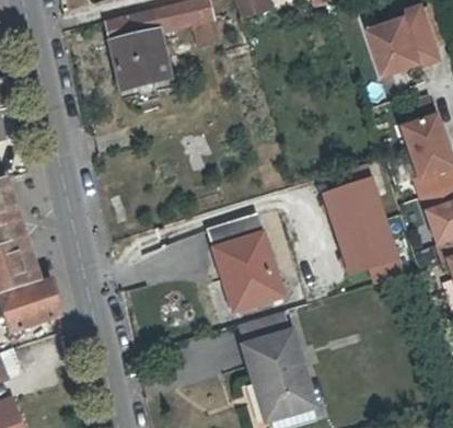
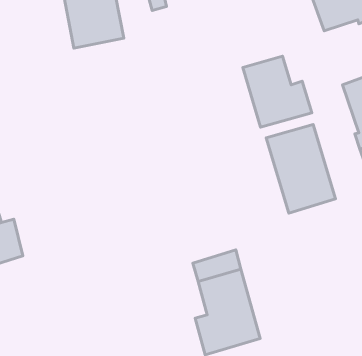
building: none -> [243,56,312,127]
building: [209,216,281,309] -> none

